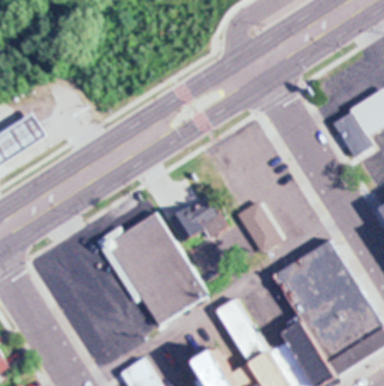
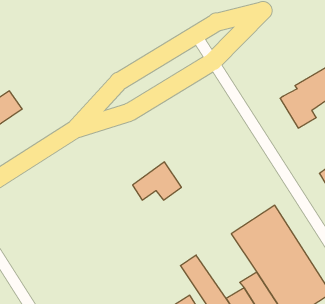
building: [234,200,274,249] -> none
building: [95,211,204,326] -> none

